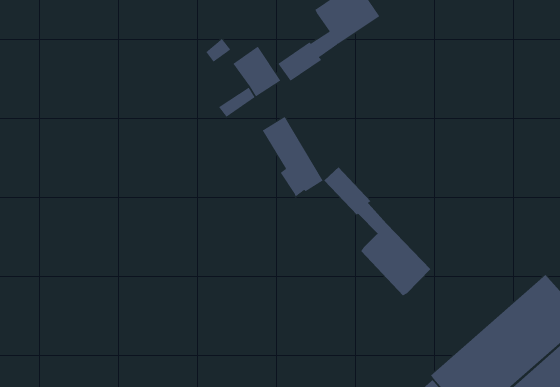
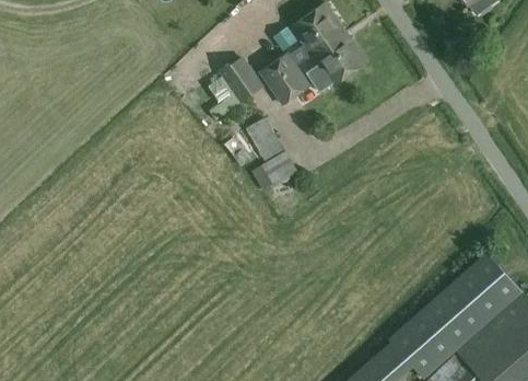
building: none -> [305,33,366,92]
building: none -> [269,70,307,104]
building: [324,166,431,296] -> none

